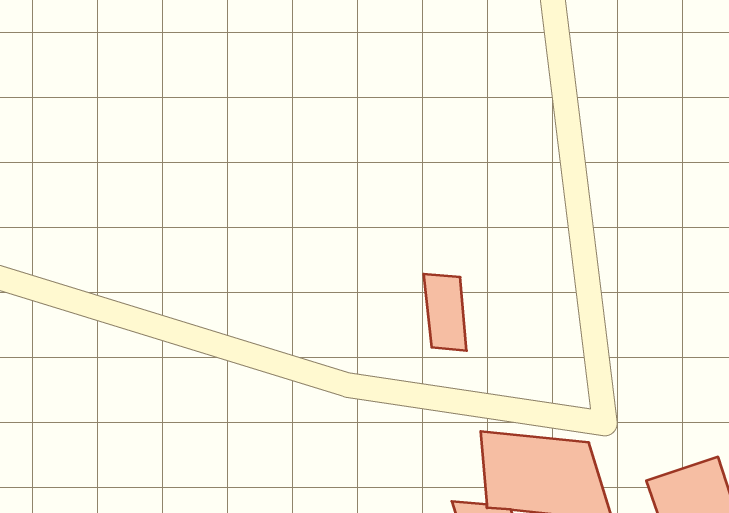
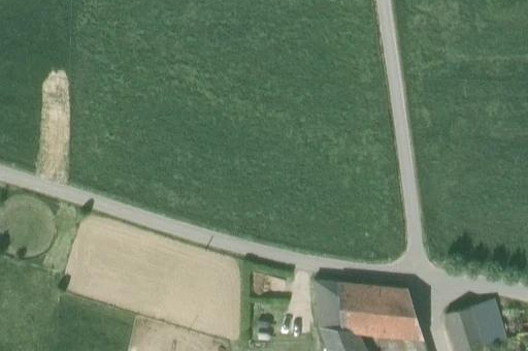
building: [424,274,467,351] -> [314,281,341,330]

